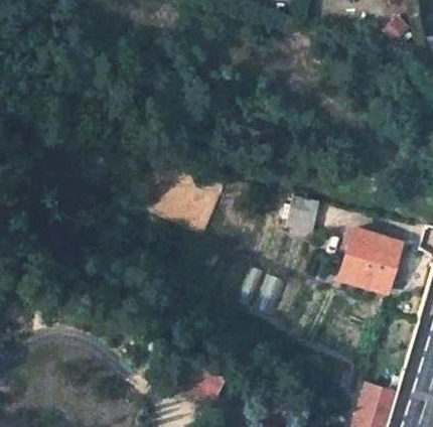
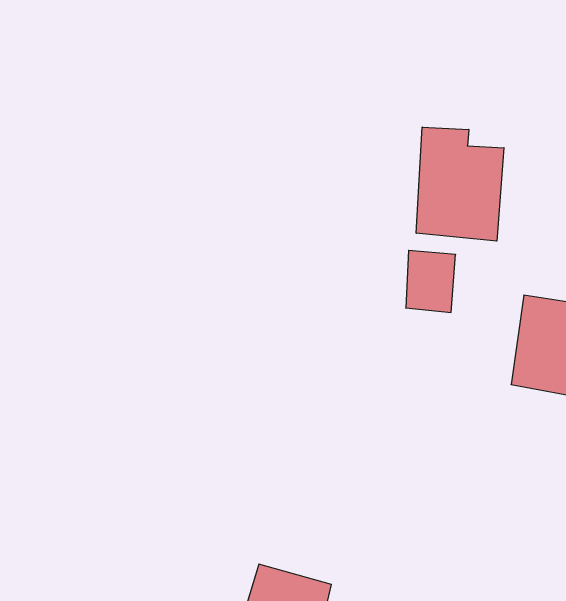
building: none -> [416,127,504,241]

